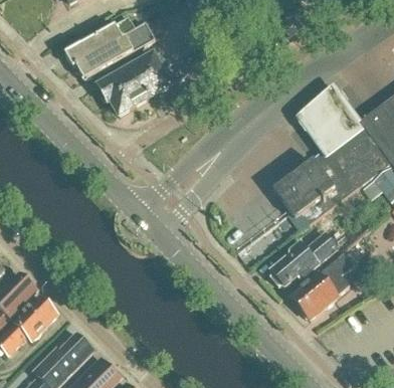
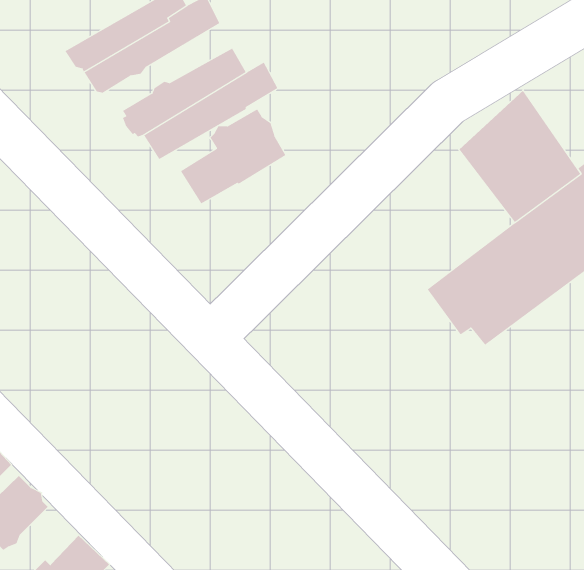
building: none -> [180,109,286,204]
building: [272,233,340,287] -> none
building: [291,251,354,317] -> none

